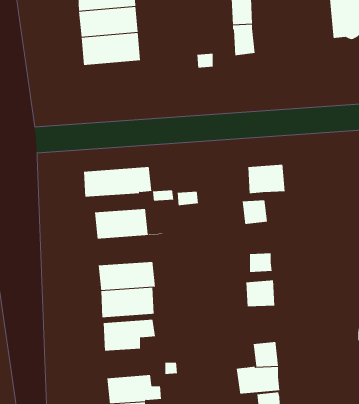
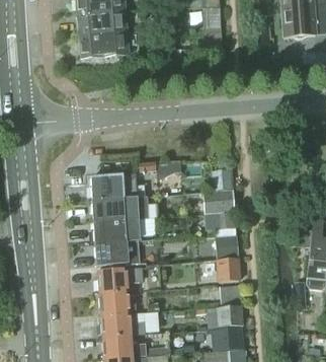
building: [247,164,286,194] -> [205,190,236,214]
building: [83,167,152,197] -> [92,197,149,222]
building: none -> [216,258,242,282]
building: none -> [98,291,137,315]

